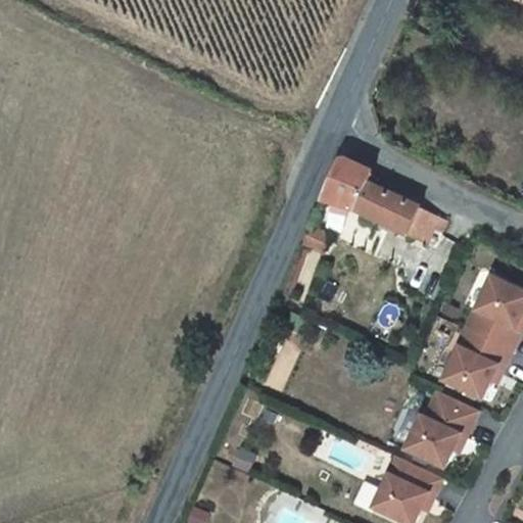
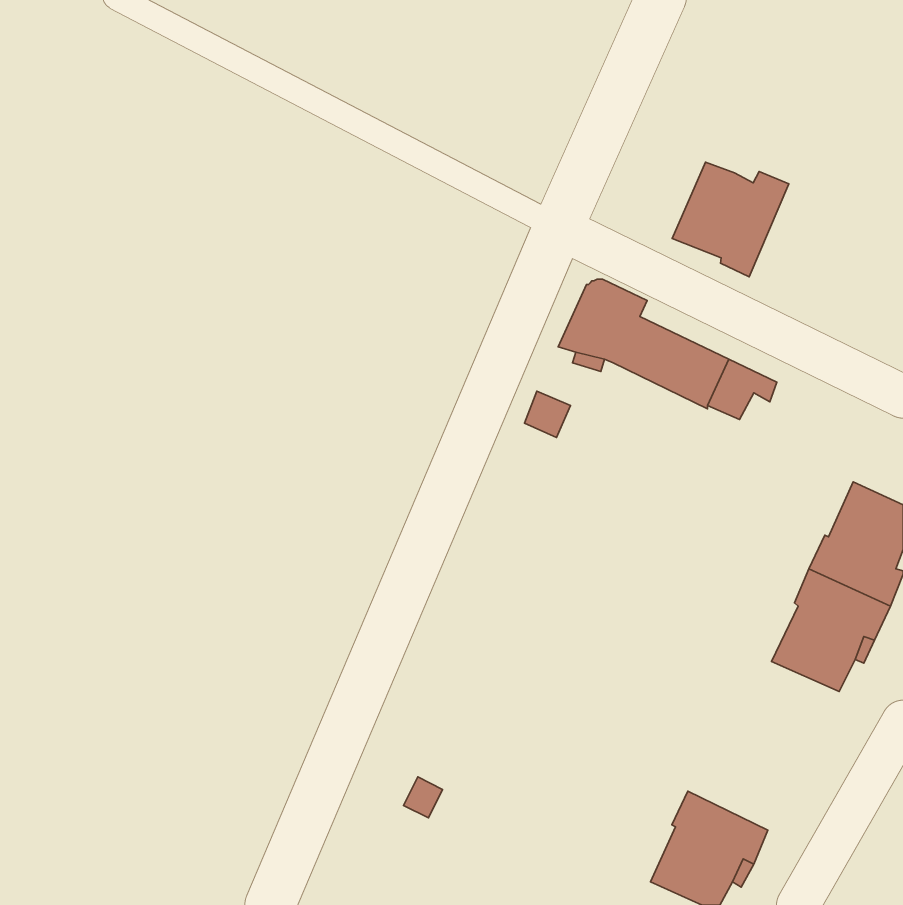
building: none -> [672,162,789,277]
building: [406,390,478,467] -> none

